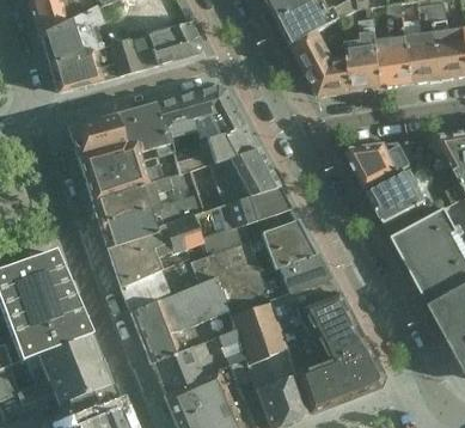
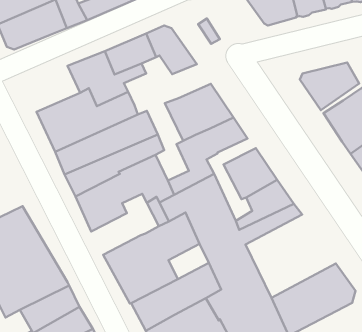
building: [67,114,123,157] -> none
building: [177,127,257,171] -> none
building: [118,269,169,310] -> none
building: [274,292,363,373] -> none

